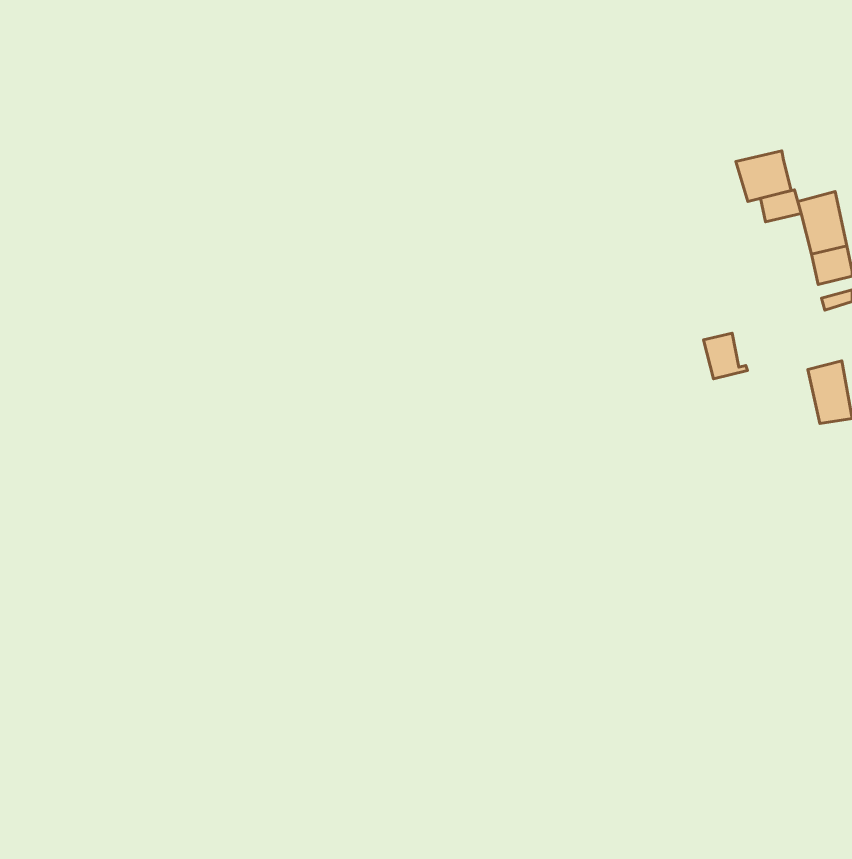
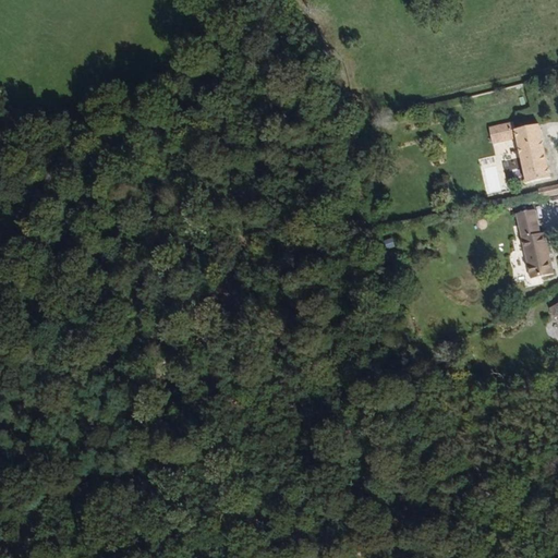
building: [736,151,791,201] -> none
building: [703,333,747,379] -> [513,208,542,238]

